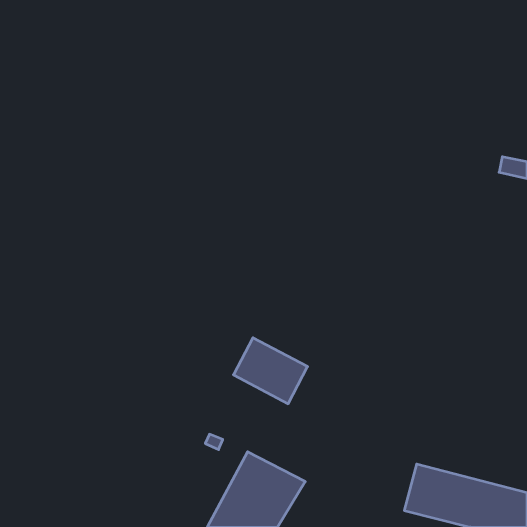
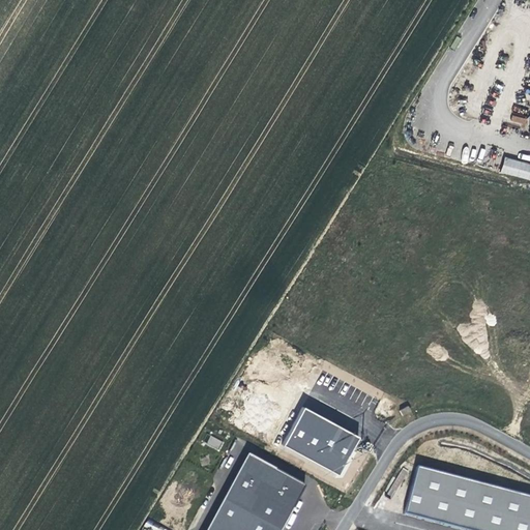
building: [233,338,308,404] -> [286,409,360,475]

